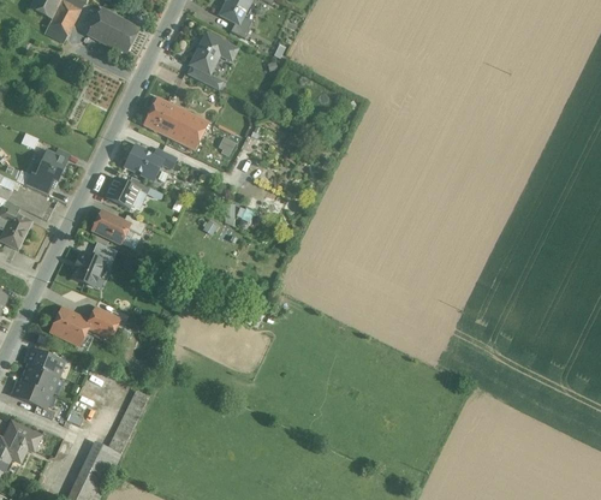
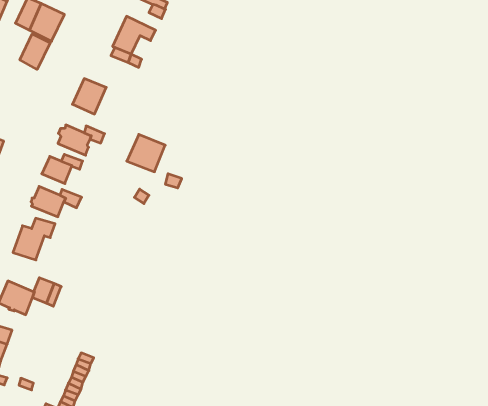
building: none -> [20,34,50,69]
building: [166,108,208,149] -> [127,134,165,172]

